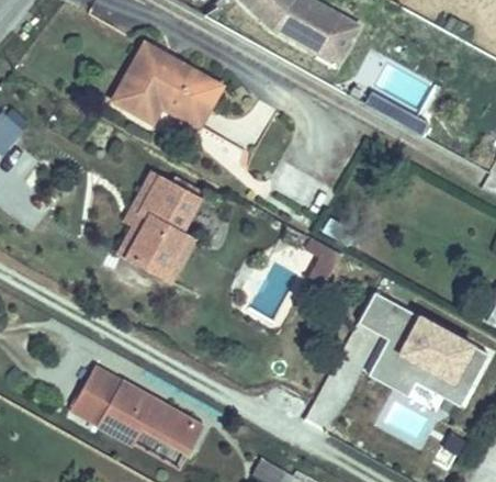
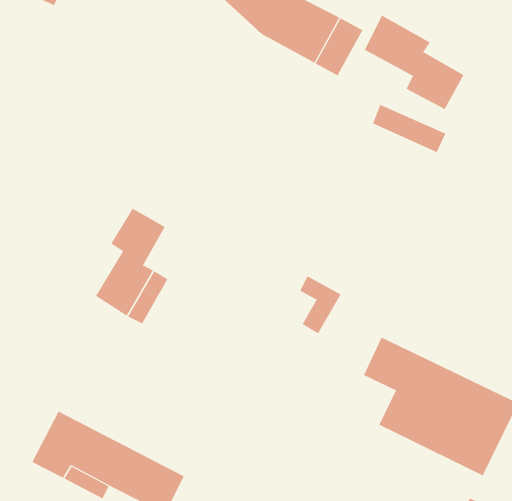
building: none -> [364,15,464,110]
building: [104,47,214,130] -> none
building: [116,176,160,258] -> none

